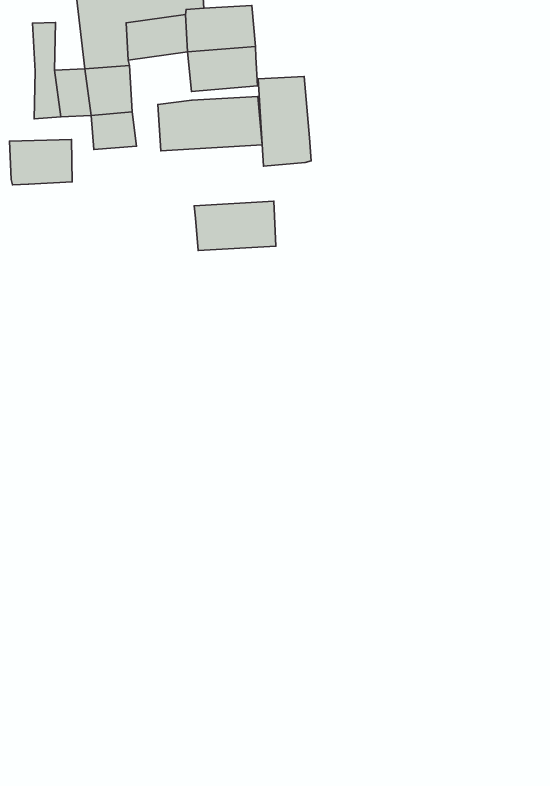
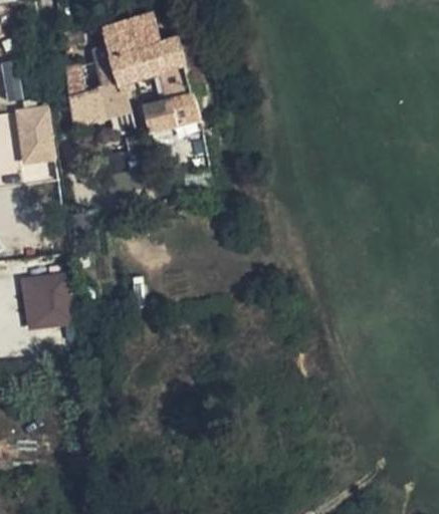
building: [258,76,311,166] -> none
building: [10,140,72,185] -> none
building: [194,201,276,251] -> none

